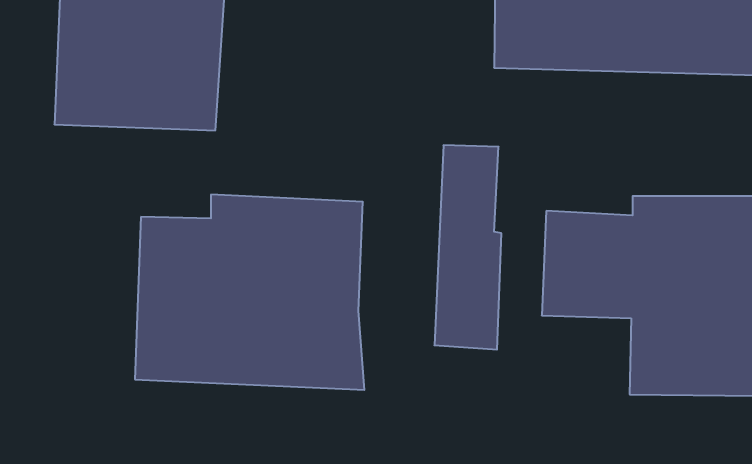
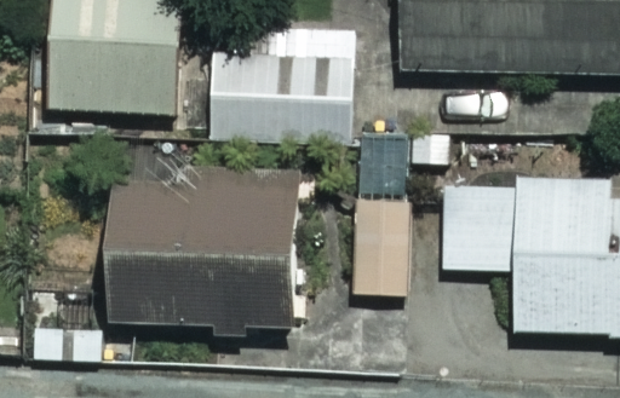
building: none -> [207,24,356,149]

